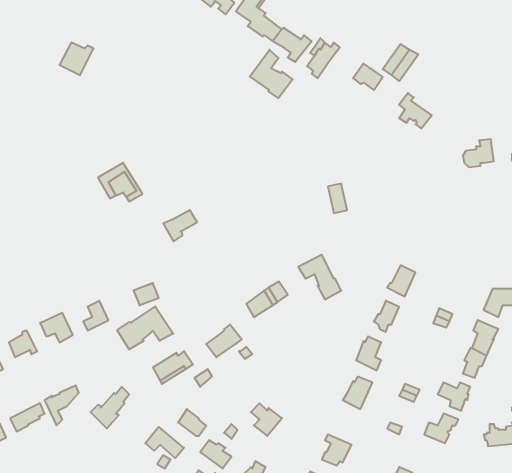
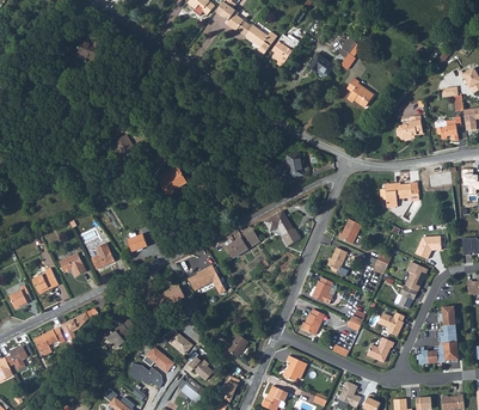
building: [250,50,293,98] -> none
building: none -> [379,179,417,206]
building: [117,306,173,350] -> none

